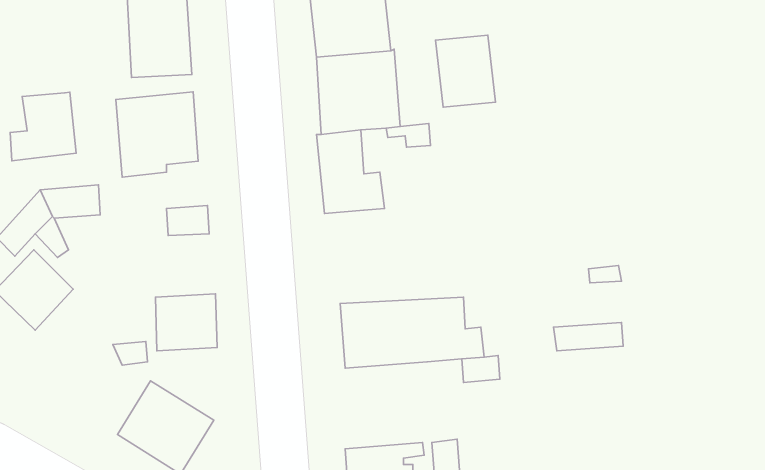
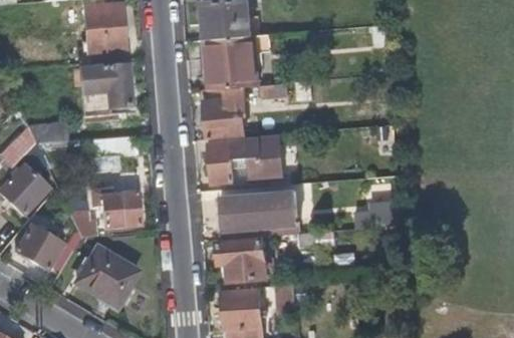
building: [436,35,496,107] -> none
building: [10,92,76,161] -> none
building: none -> [210,137,282,184]
building: none -> [16,224,64,268]
building: none -> [219,241,267,282]

